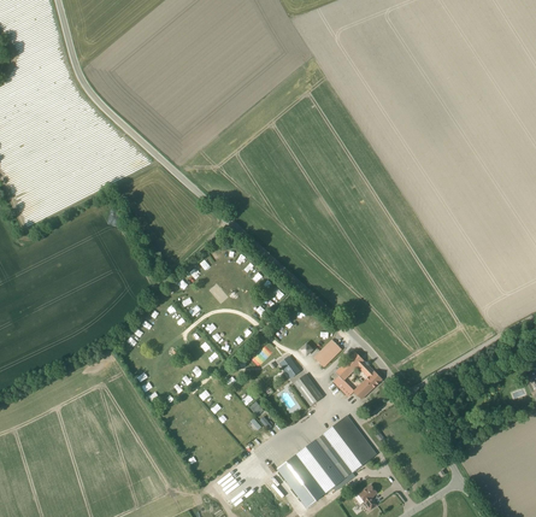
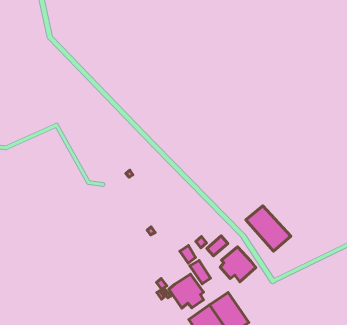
building: none -> [246,206,291,251]
building: none -> [169,274,204,308]

